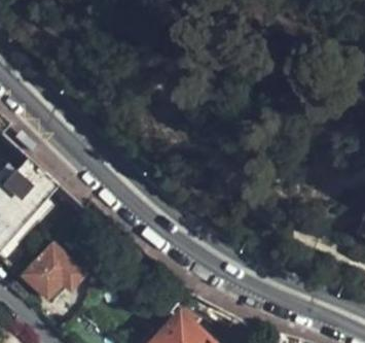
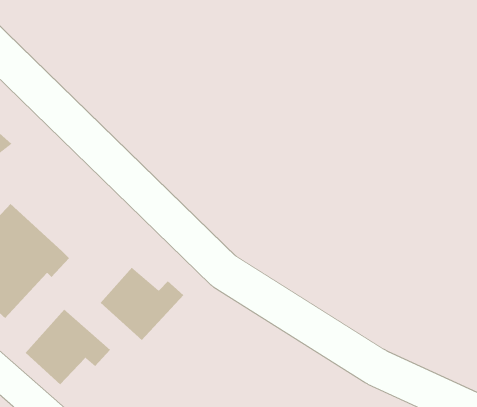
building: none -> [100,267,184,341]

